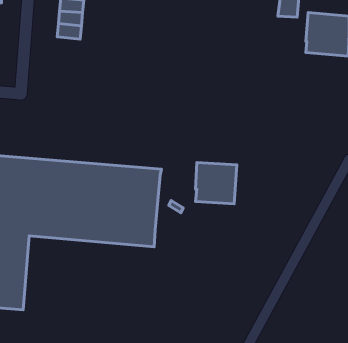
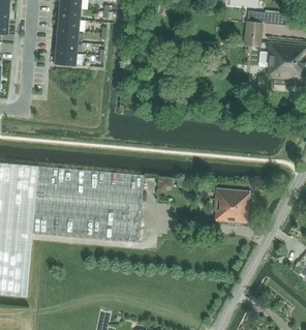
building: [196,162,237,204] -> [214,187,249,222]

